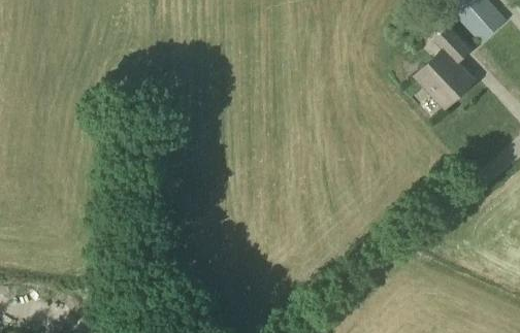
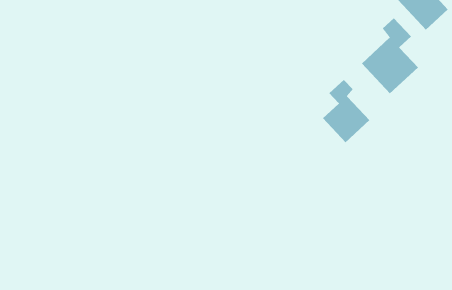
building: none -> [322,79,370,143]

